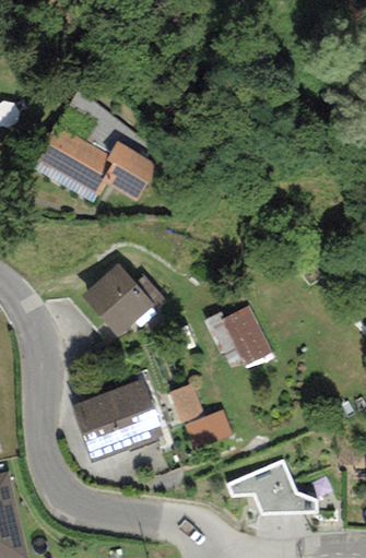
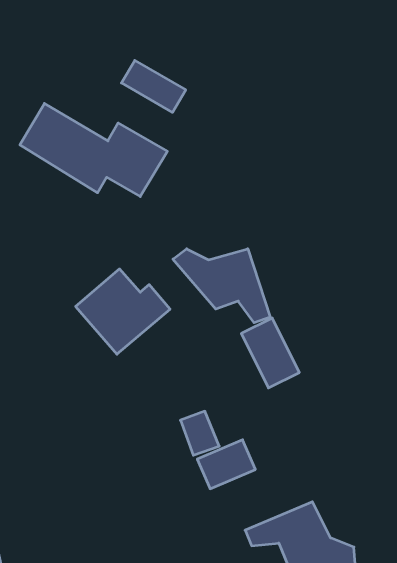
building: none -> [121,60,186,112]
building: none -> [173,249,270,323]
building: [71,378,162,461] -> none

